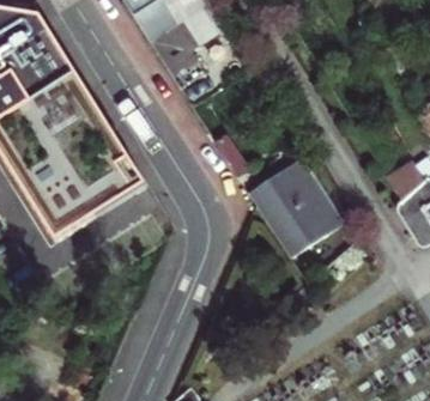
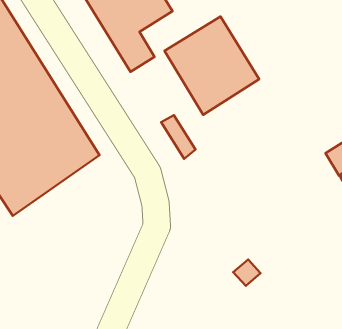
building: [246,162,345,265] -> [164,16,259,115]

